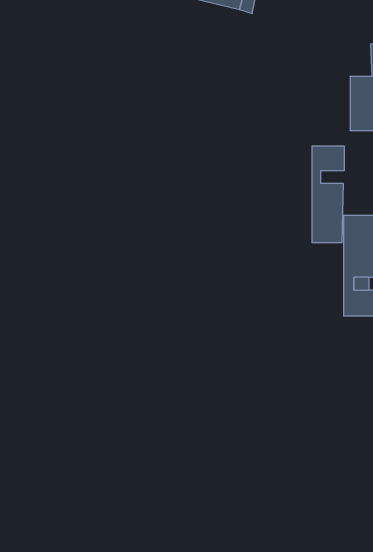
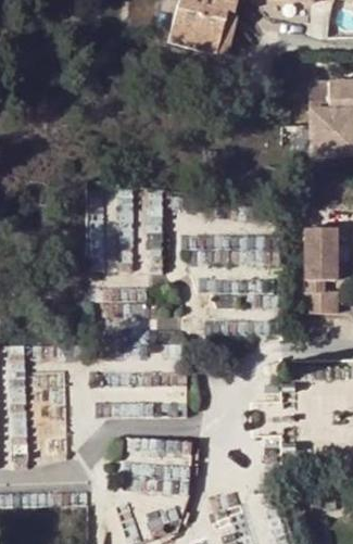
building: [312,146,344,243] -> none

